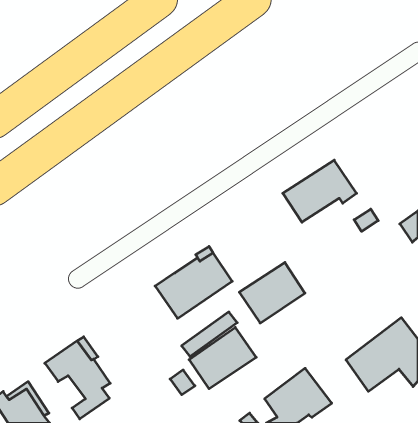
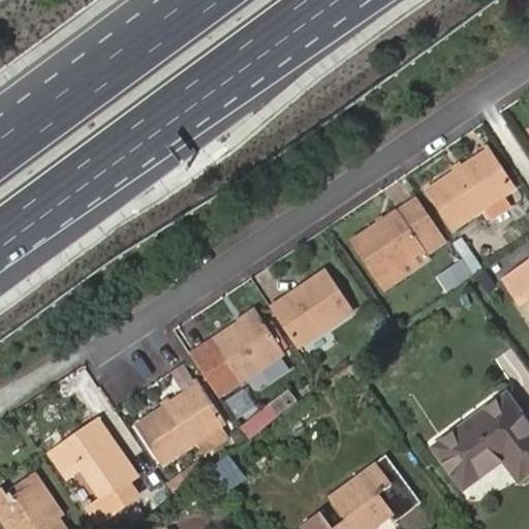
building: none -> [428,158,506,230]
building: [239,262,305,323] -> [274,269,355,344]
building: [189,327,256,389] -> [141,384,224,461]

